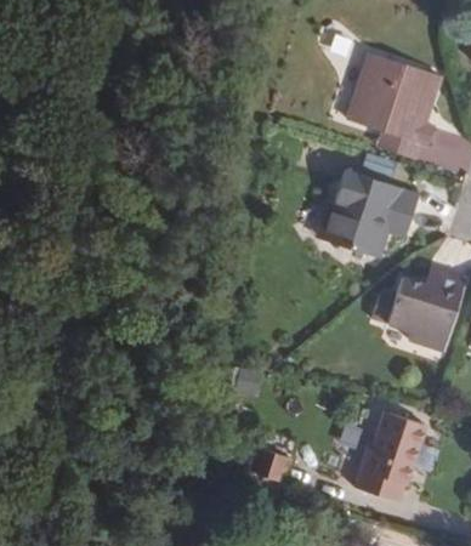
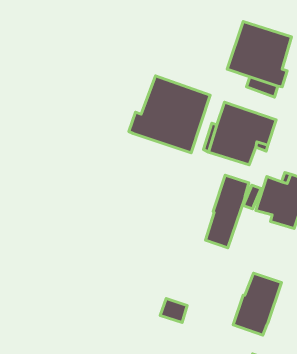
building: none -> [129,76,210,153]
building: none -> [206,175,249,248]

